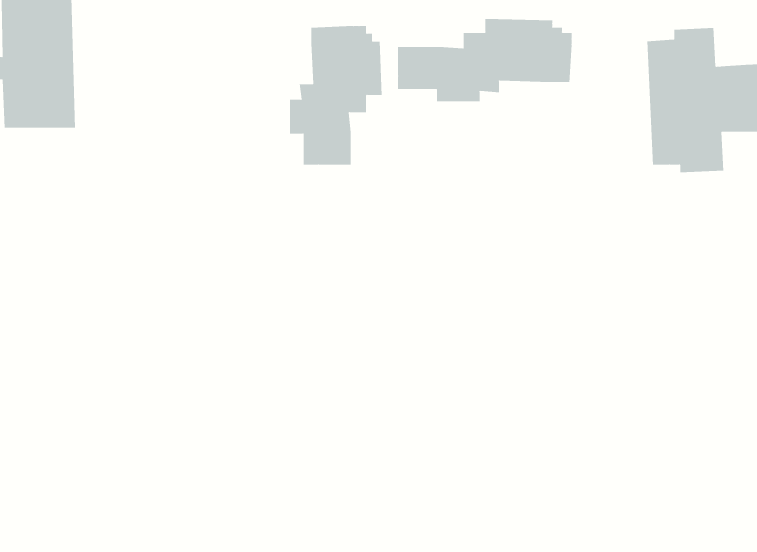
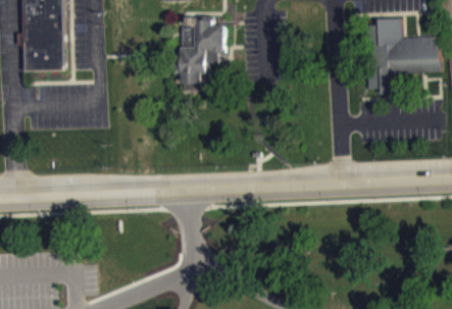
building: [398,18,572,102] -> none

